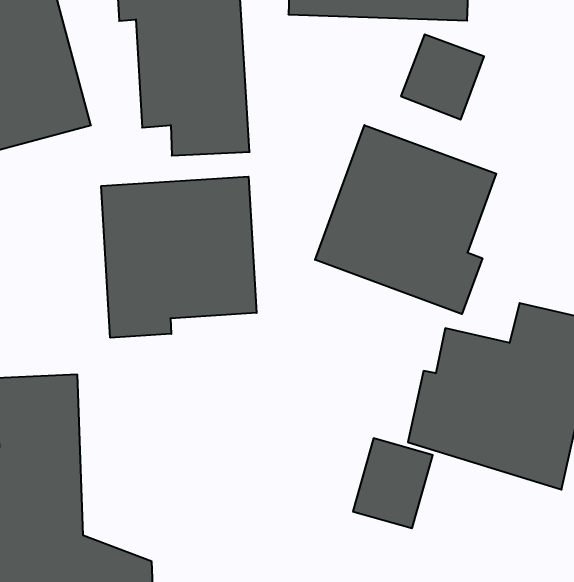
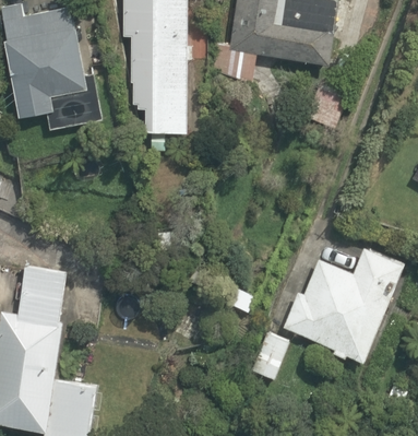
building: [315,125,496,314] -> none
building: [101,177,257,338] -> none

